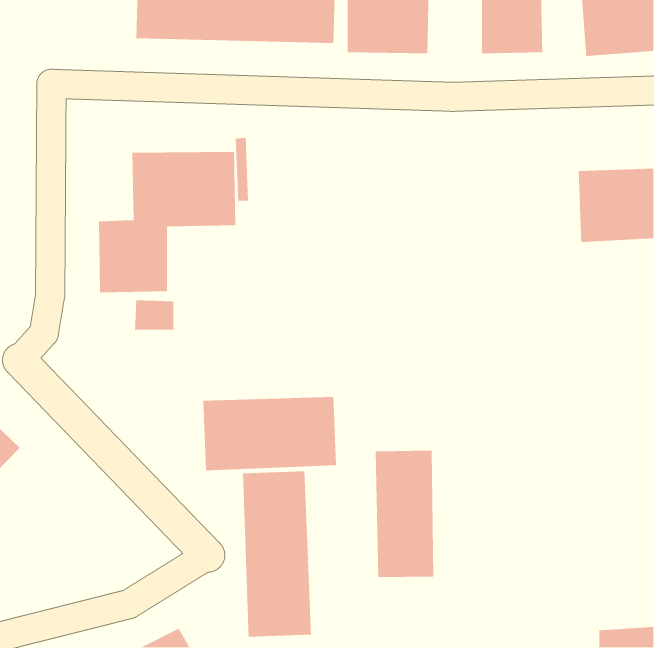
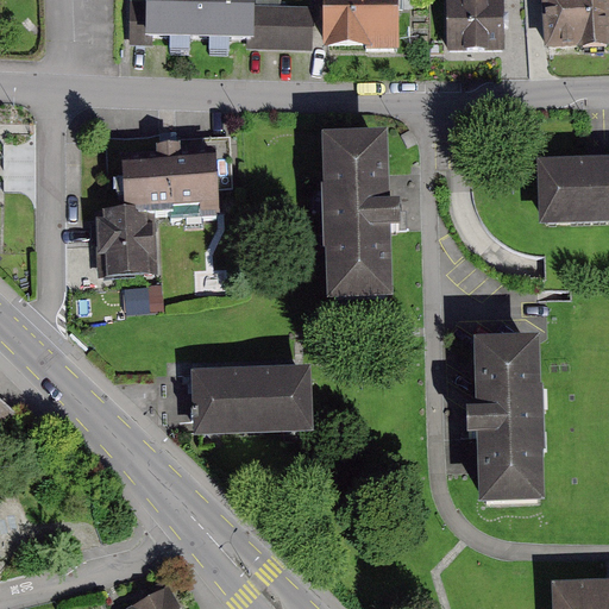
building: none -> [324,131,394,296]
building: none -> [472,334,546,501]
building: [375,450,434,578] -> none
building: [242,470,312,638] -> none

